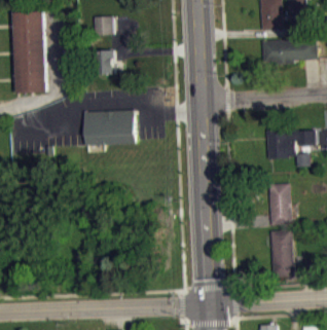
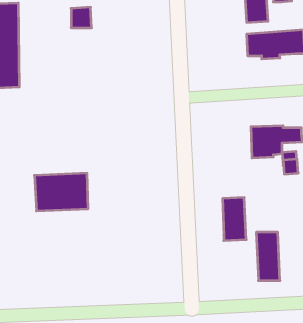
building: [96,50,114,74] -> none
building: [82,110,134,146] -> [34,173,88,211]
building: [268,183,291,224] -> [223,198,246,241]

